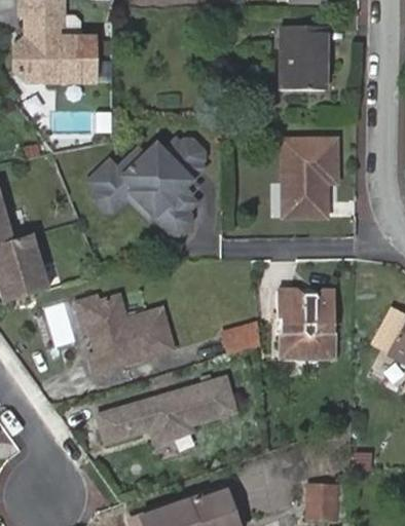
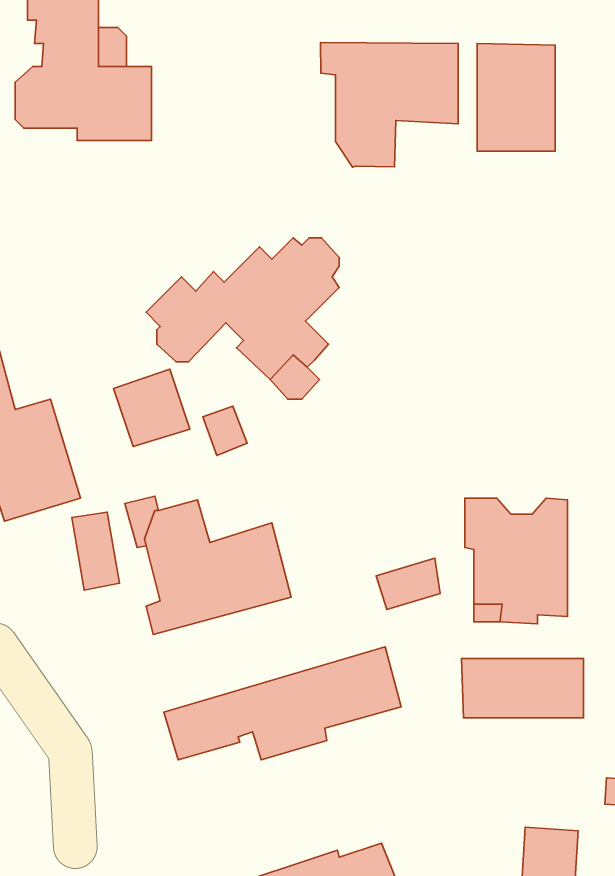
building: none -> [321,43,458,167]
building: [281,140,334,218] -> none
building: none -> [114,369,190,446]
building: none -> [462,659,583,718]

